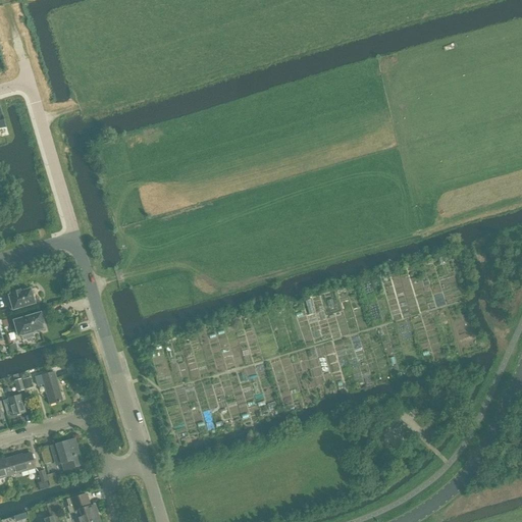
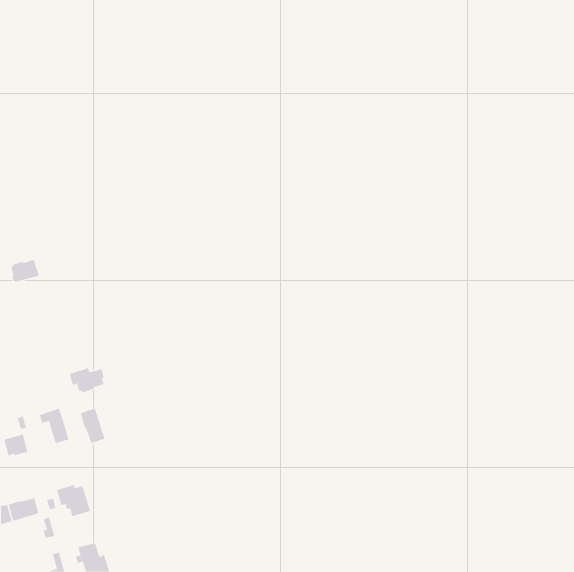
building: [8,288,35,309] -> [10,259,40,283]
building: [9,312,42,335] -> [69,367,105,393]
building: none -> [80,408,105,444]

